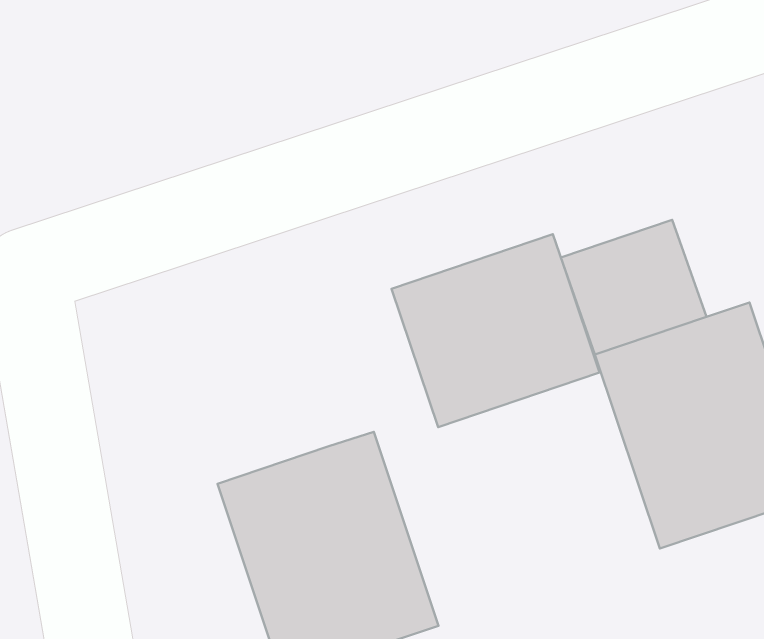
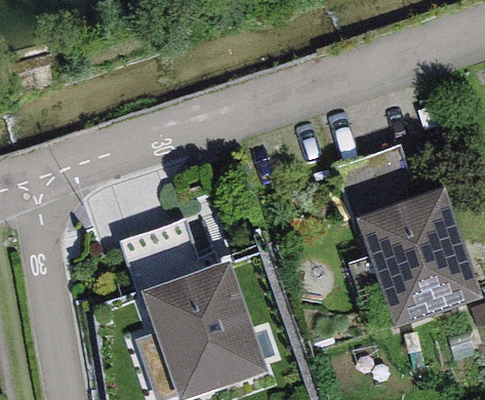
building: [391,234,600,427] -> none
building: none -> [120,215,203,292]

